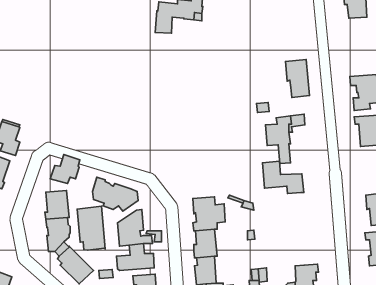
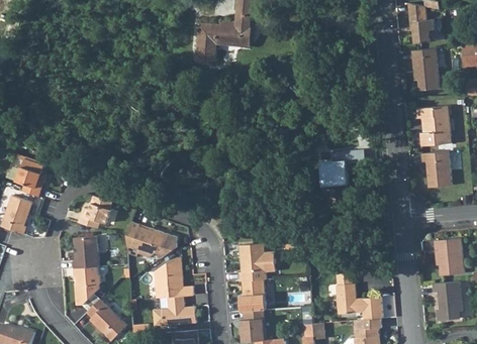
building: [285,60,310,97] -> [411,48,439,91]
building: [263,161,304,193] -> [336,283,382,320]
building: [77,206,105,250] -> none

